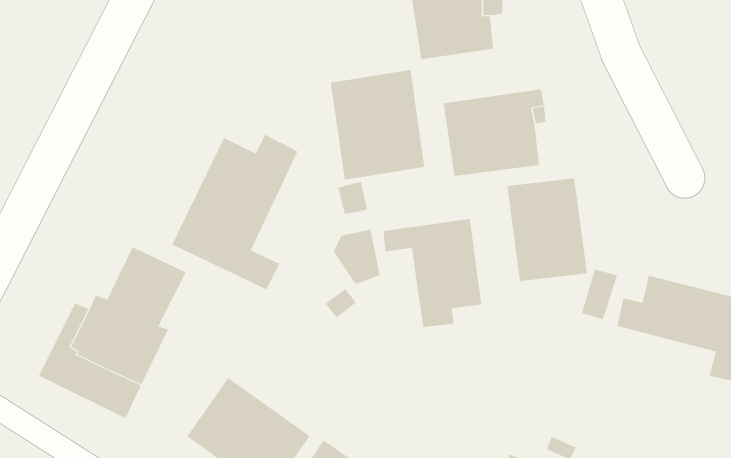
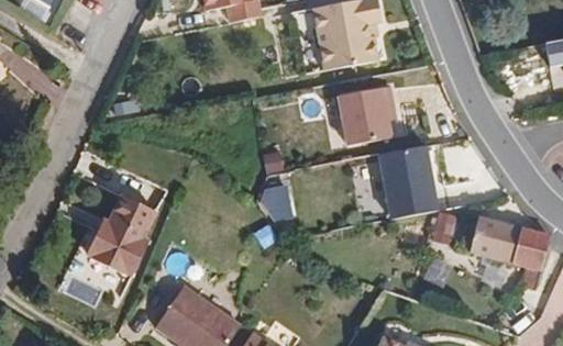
building: [330,69,425,180] -> none
building: [171,134,298,290] -> none
building: [383,218,482,328] -> none

